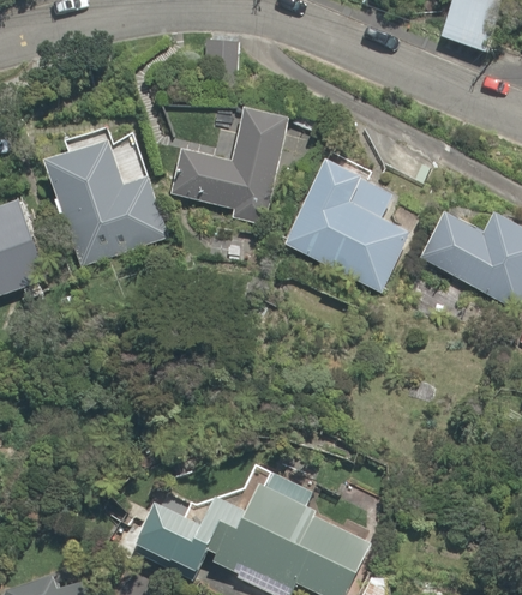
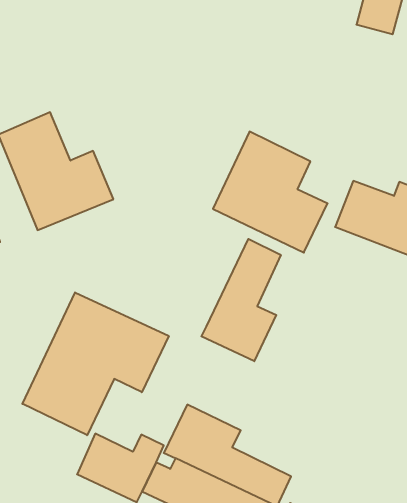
building: [173,108,292,212] -> none
building: none -> [201,239,281,361]
building: none -> [22,292,169,435]

